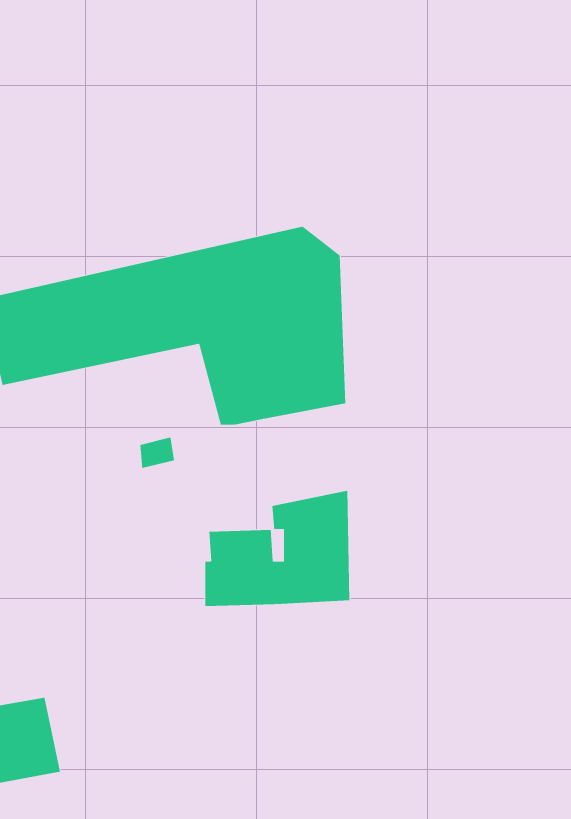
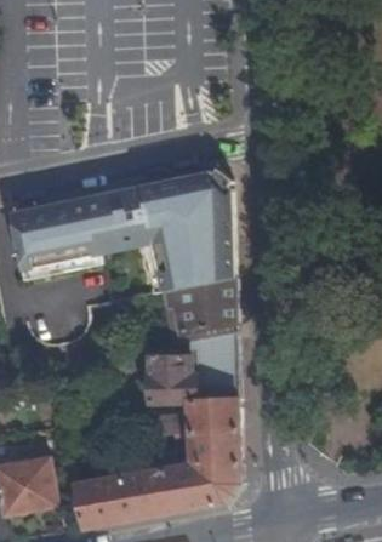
building: none -> [164,278,234,333]
building: none -> [75,399,238,527]

